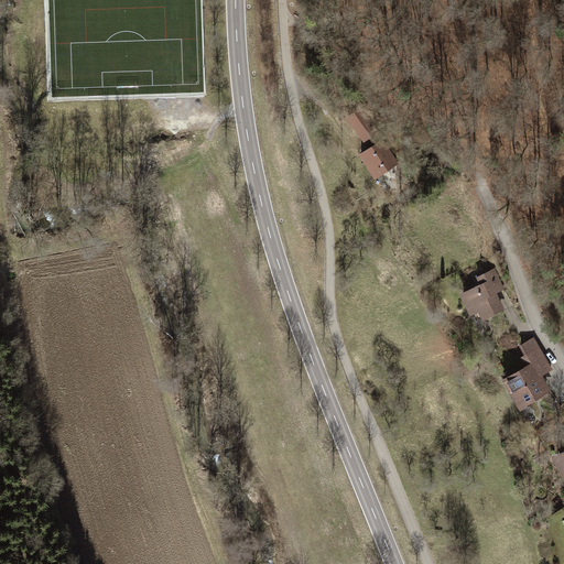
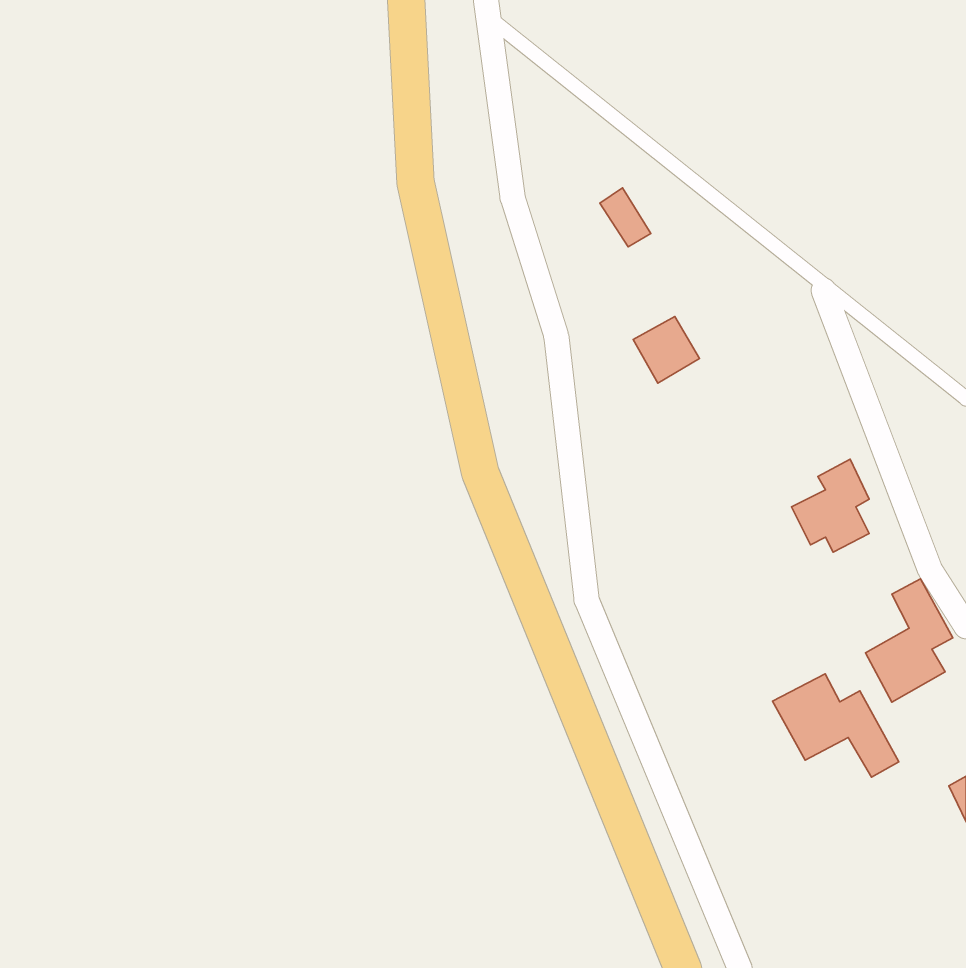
building: [359,141,398,180] -> [633,317,699,383]
building: none -> [772,674,899,777]

